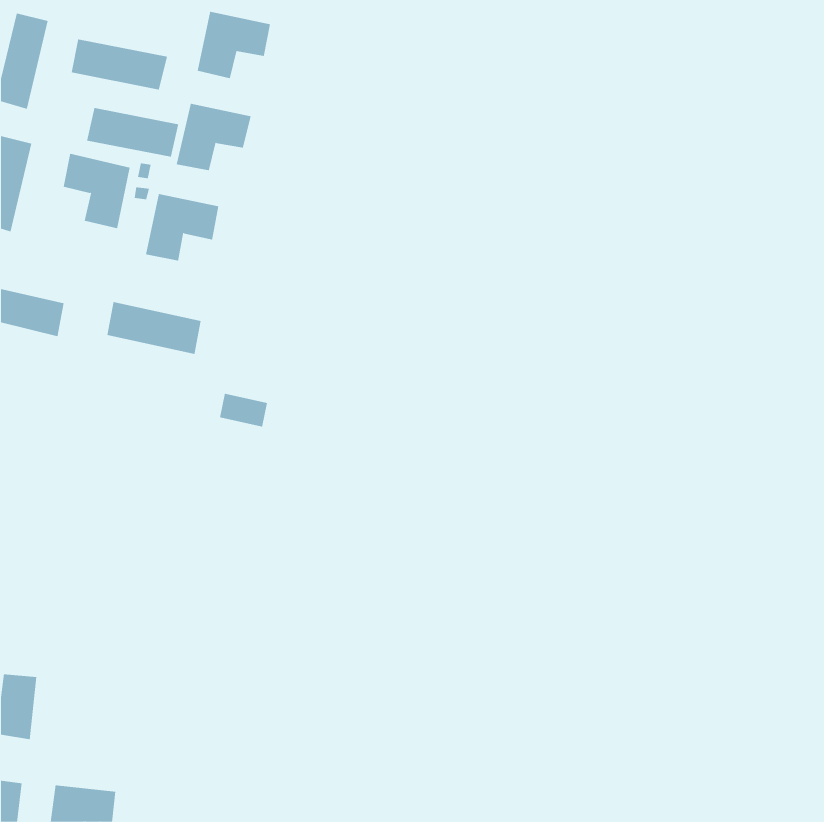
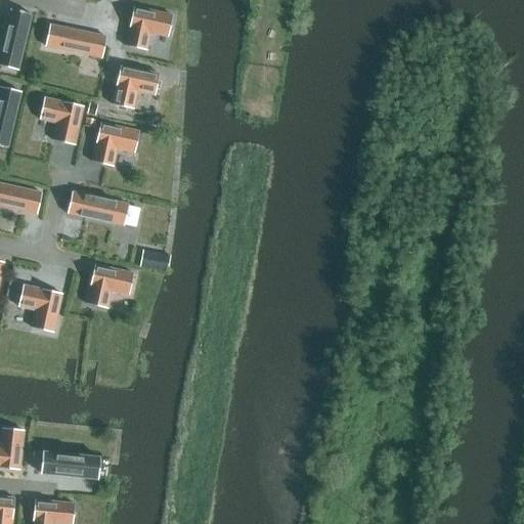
building: [87,107,179,158] -> none
building: none -> [86,265,133,308]
building: none -> [18,285,61,332]
building: none -> [40,451,99,478]

